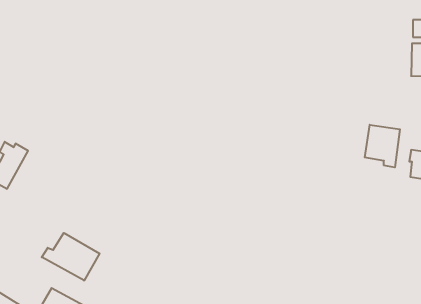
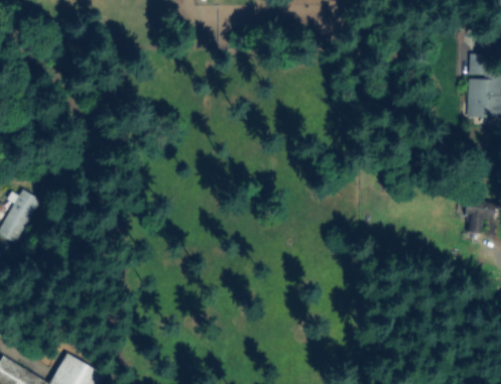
building: [365,125,400,167] -> none
building: [42,233,100,281] -> none

